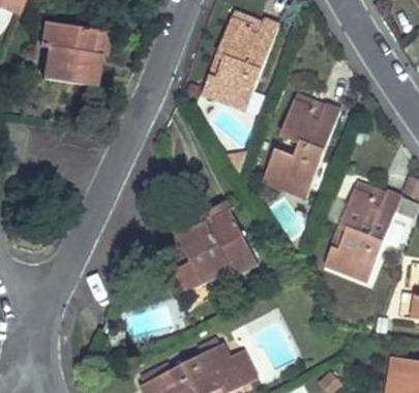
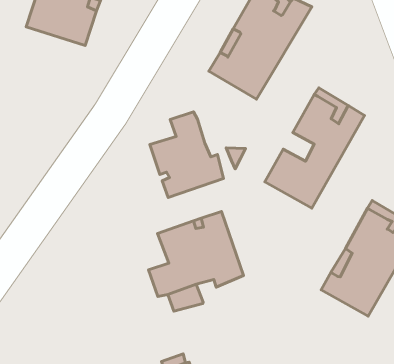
building: none -> [150,112,224,198]

